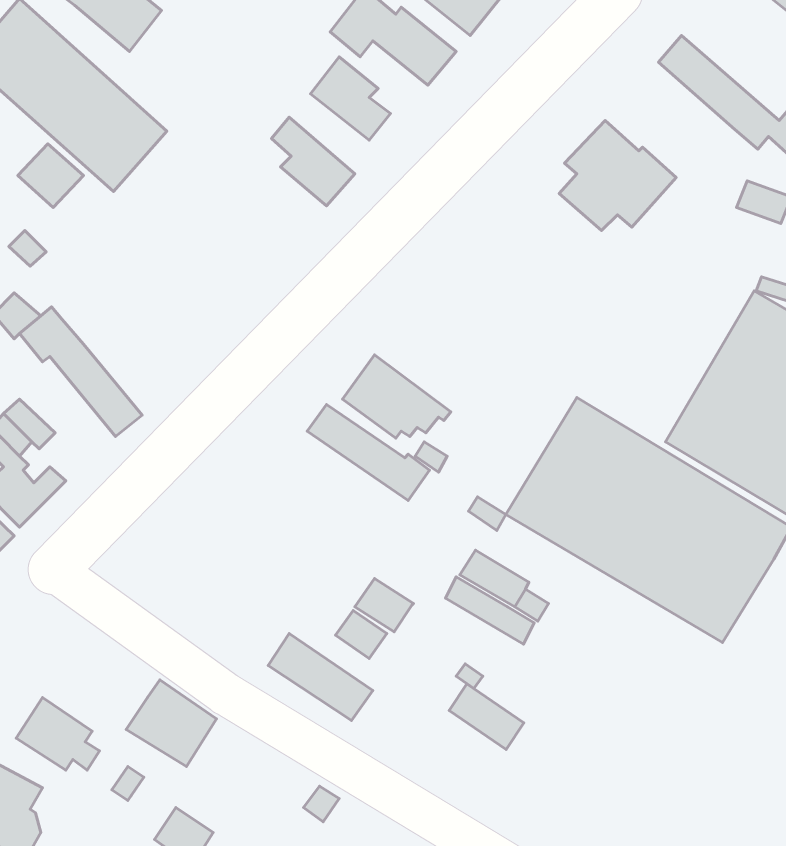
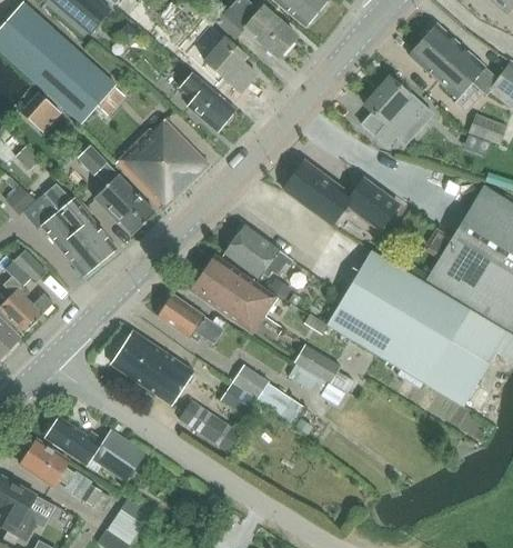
building: none -> [410,41,470,98]
building: none -> [114,120,207,209]
building: none -> [78,146,154,233]
building: none -> [283,160,399,229]
building: none -> [42,183,117,262]
building: none -> [191,272,265,325]
building: none -> [160,298,223,347]
building: none -> [110,330,193,405]
building: none -> [47,417,102,462]
building: [449,684,524,749] -> [257,381,303,422]

